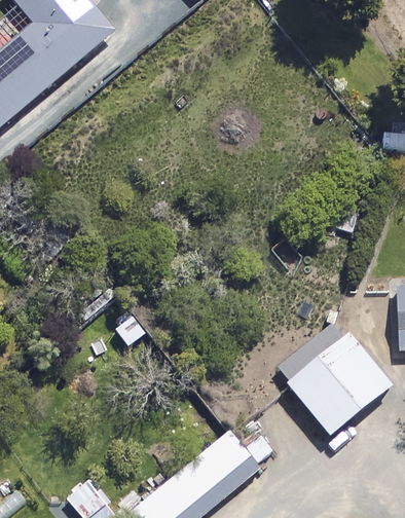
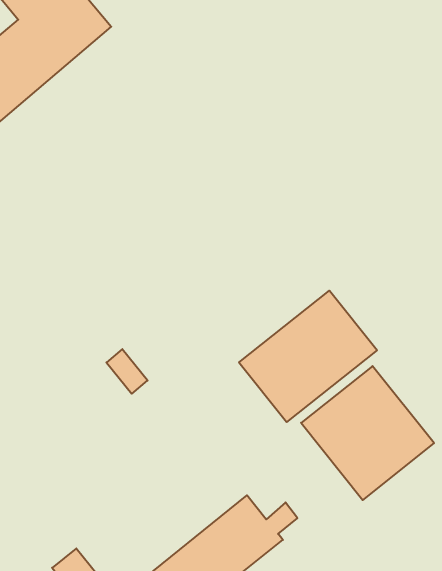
building: none -> [239,291,377,422]

